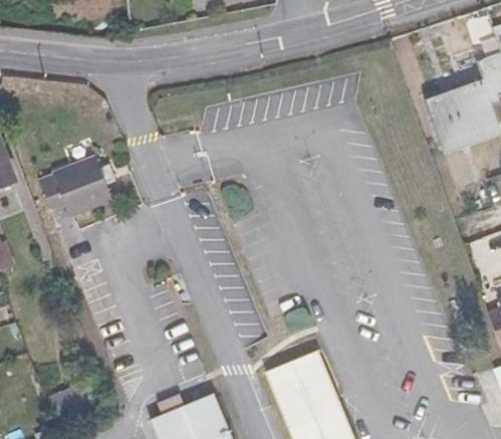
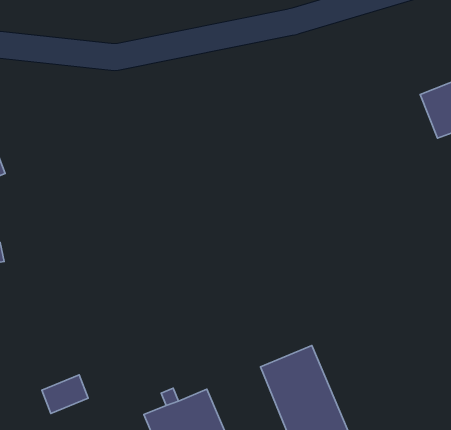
building: [39,157,112,215] -> none

